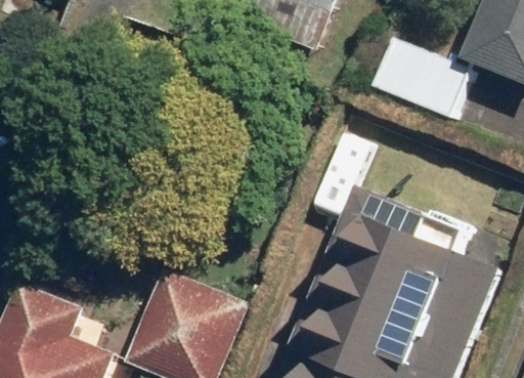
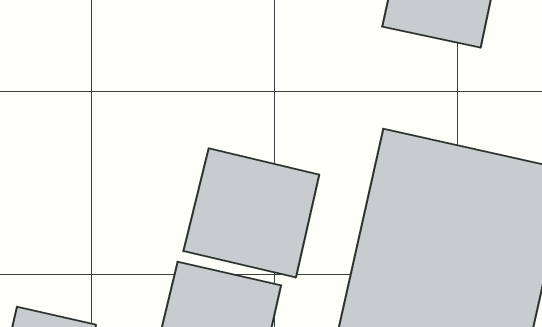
building: none -> [183,148,319,278]

